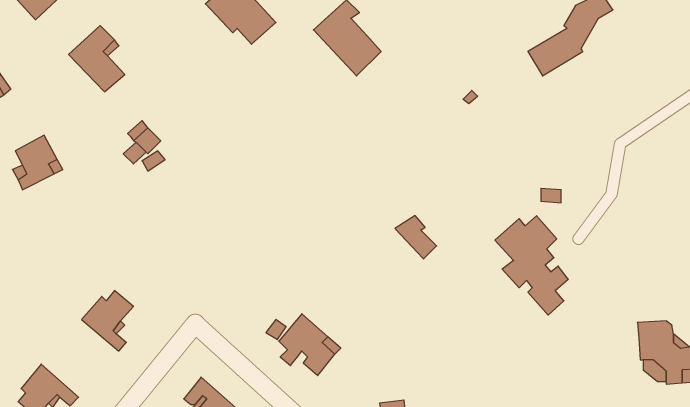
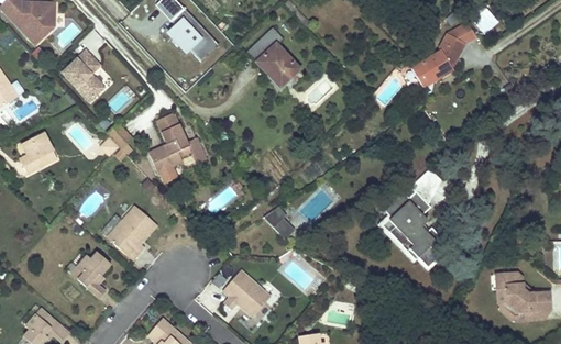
building: none -> [150,112,206,184]
building: [395,216,437,259] -> [263,206,295,238]
building: none -> [109,207,158,260]

